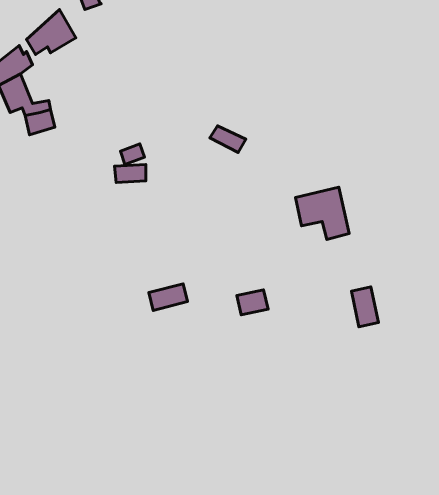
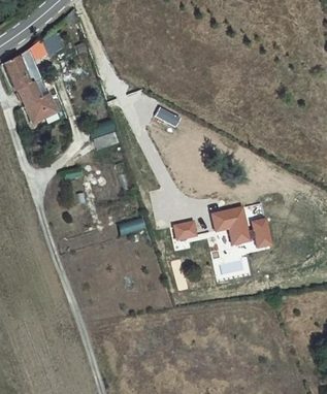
building: [295,187,349,239] -> [214,206,251,242]

